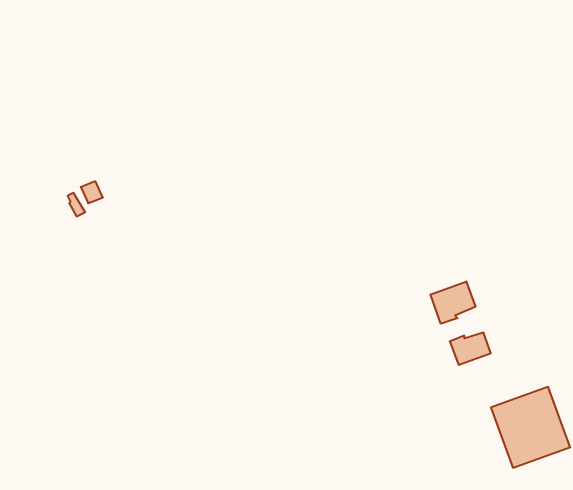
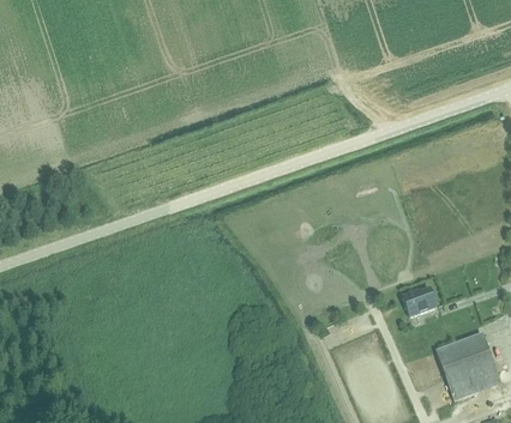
building: [431,281,476,324] -> none

